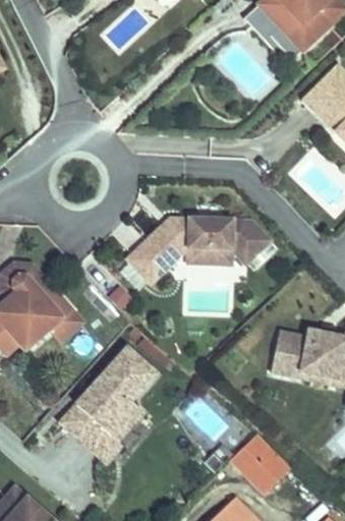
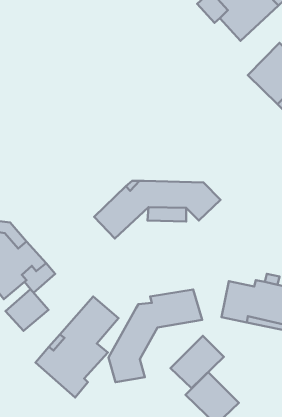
building: none -> [5,289,49,331]
building: none -> [109,290,202,382]
building: none -> [170,336,224,388]

